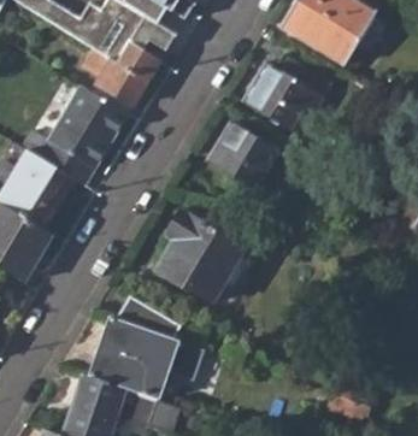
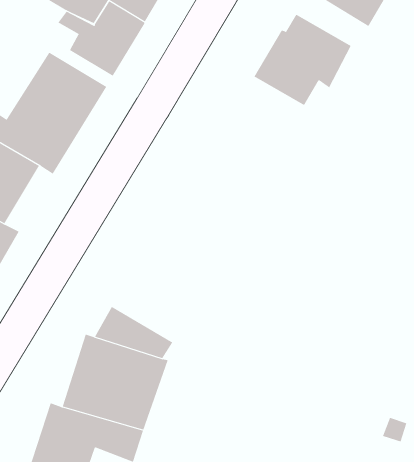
building: [213,126,277,190] -> none
building: [158,211,246,302] -> none

